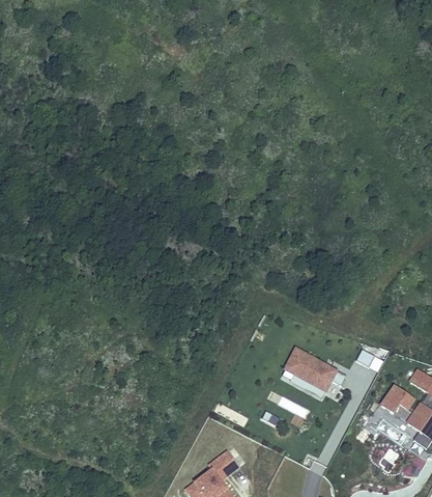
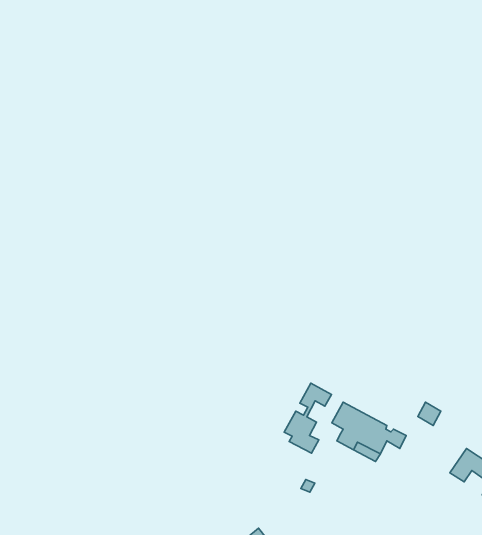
building: none -> [284,383,332,453]

